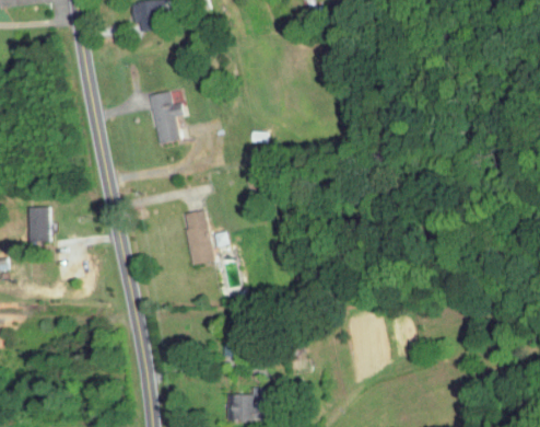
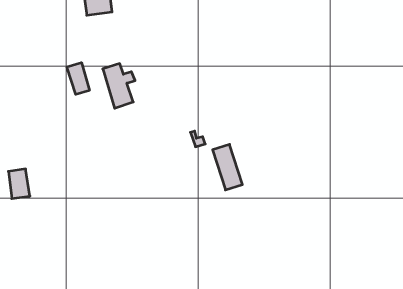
building: none -> [67,63,89,94]
building: [183,211,214,265] -> [213,144,242,190]

